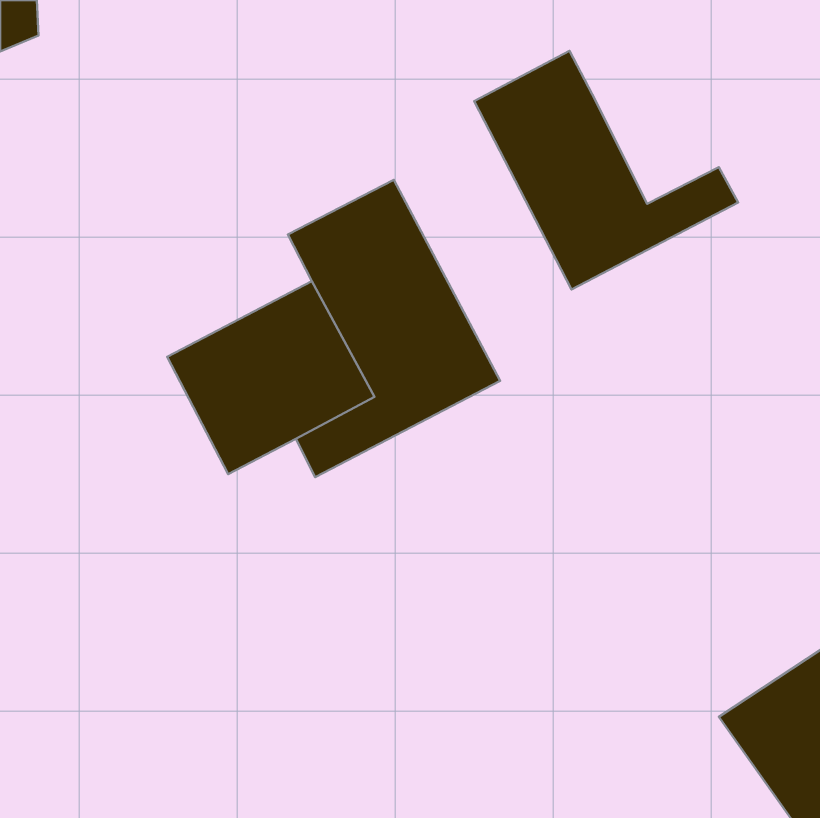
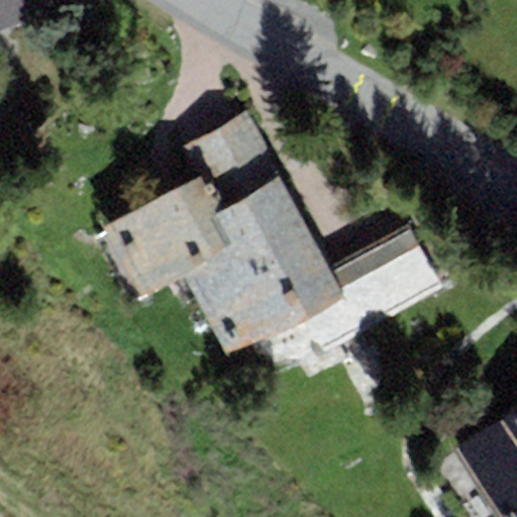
building: [474,51,738,290] -> none
building: none -> [199,226,443,356]

